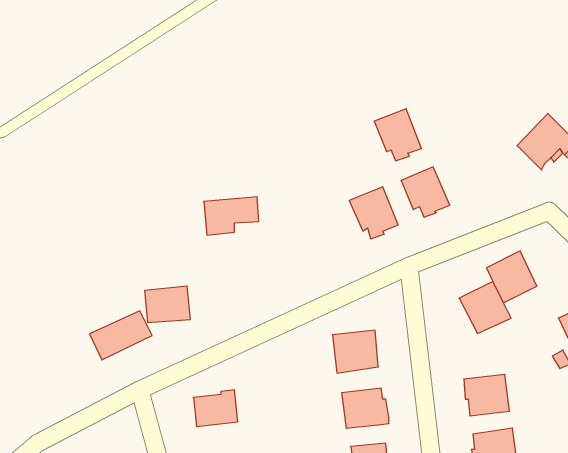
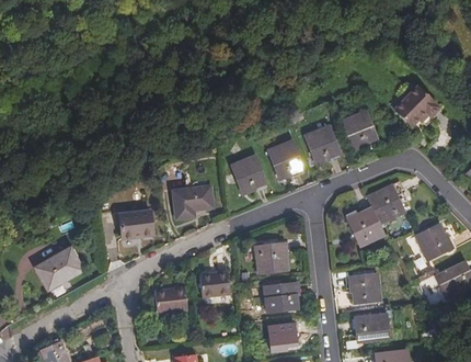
building: [374,109,422,161] -> [342,110,376,147]
building: [204,197,259,235] -> [173,186,212,214]
building: none -> [231,155,265,192]
building: [90,311,152,360] -> [36,250,81,285]
building: none -> [199,271,230,296]

